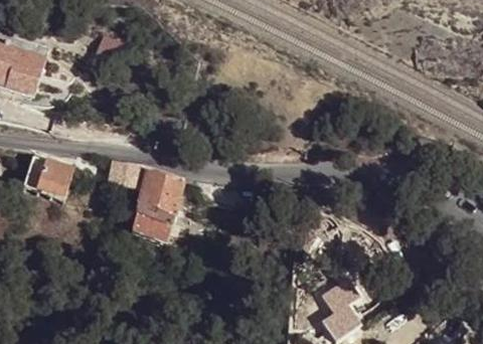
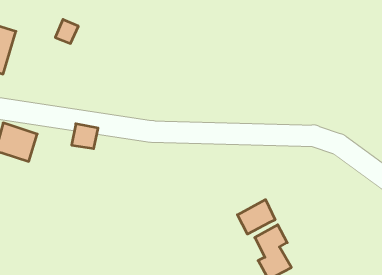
building: [130,172,180,242] -> none
building: none -> [237,200,275,234]

